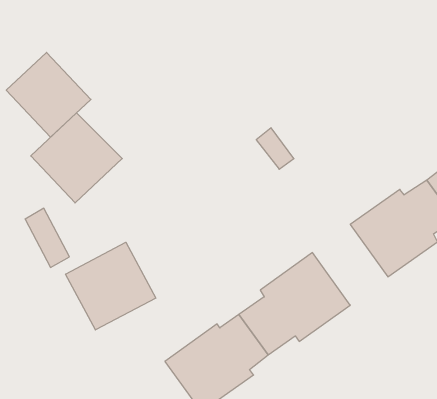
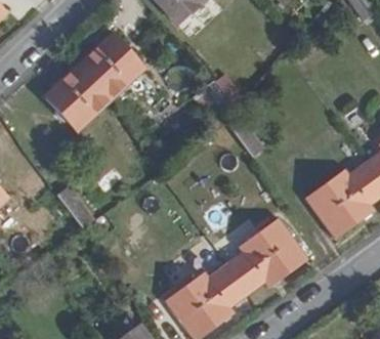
building: [31,113,122,203] -> [75,33,144,101]
building: [66,242,156,330] -> none

